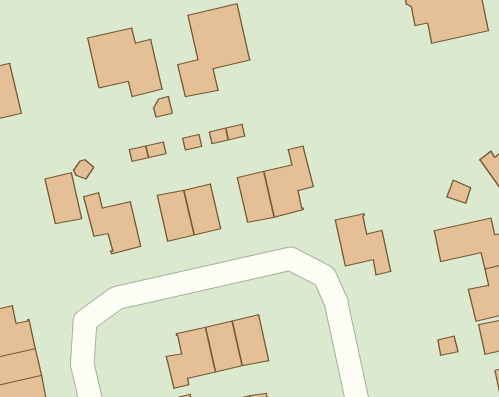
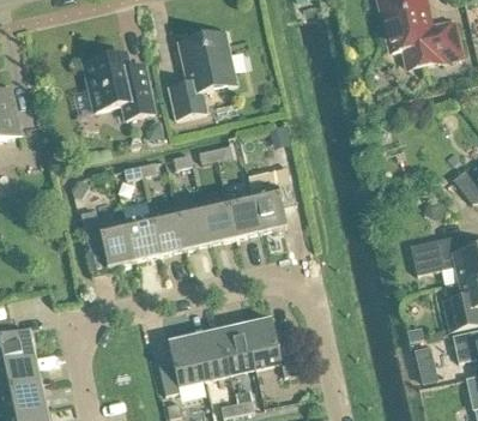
building: [45,173,82,224] -> [125,213,159,261]
building: none -> [200,197,235,245]
building: [335,214,391,275] -> [246,320,298,378]

